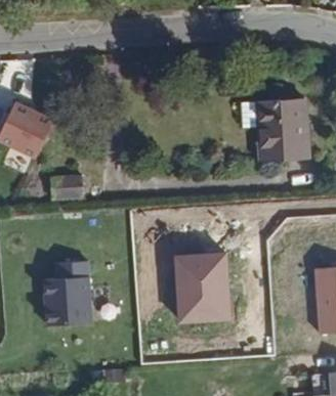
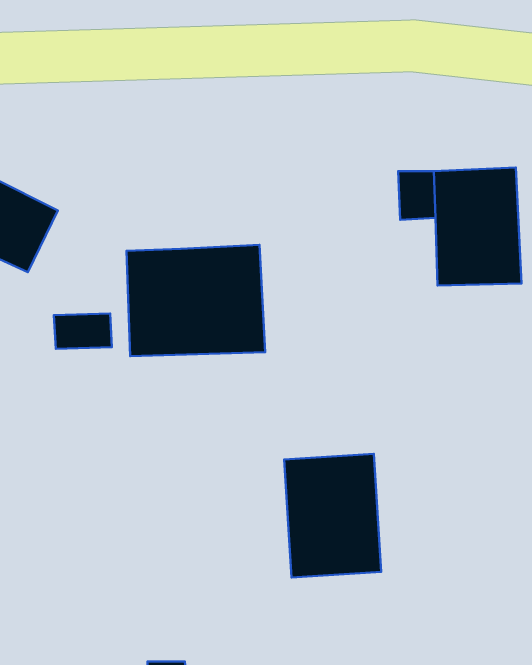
building: none -> [127,245,265,356]
building: [46,260,92,324] -> none

